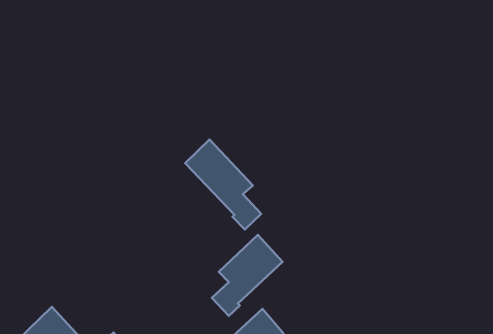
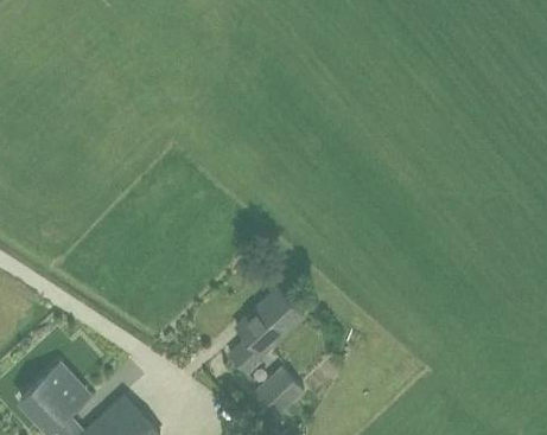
building: [185,140,261,229] -> none

